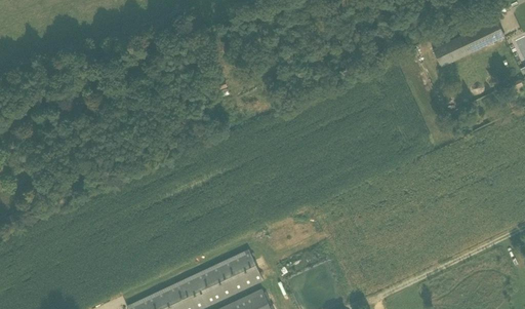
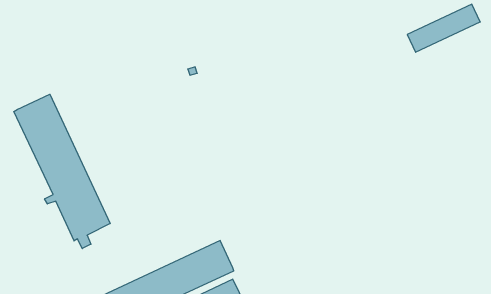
building: none -> [14,94,110,249]

